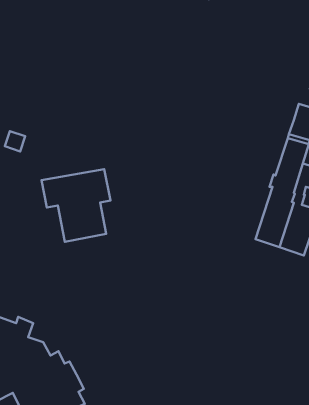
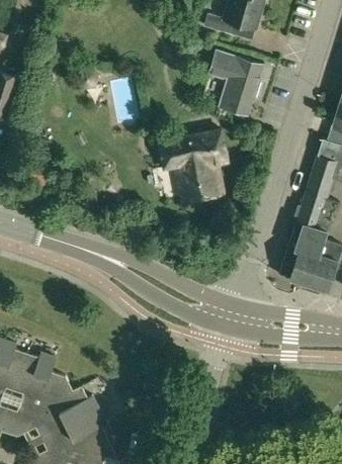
building: none -> [207,50,264,117]
building: [42,169,110,242] -> [159,130,228,203]

